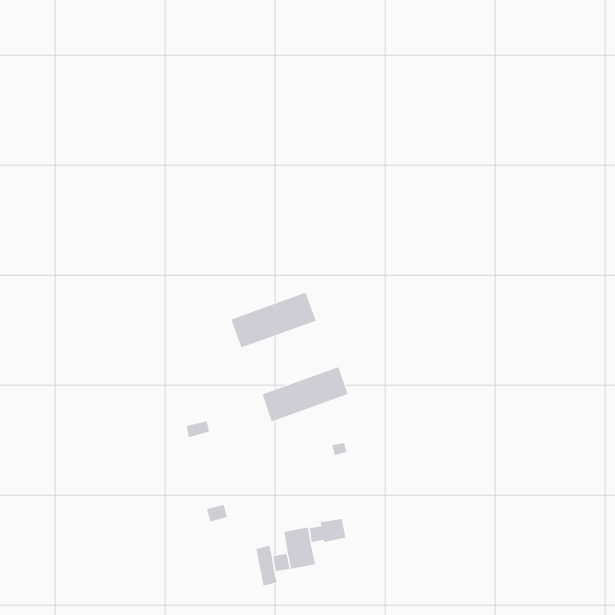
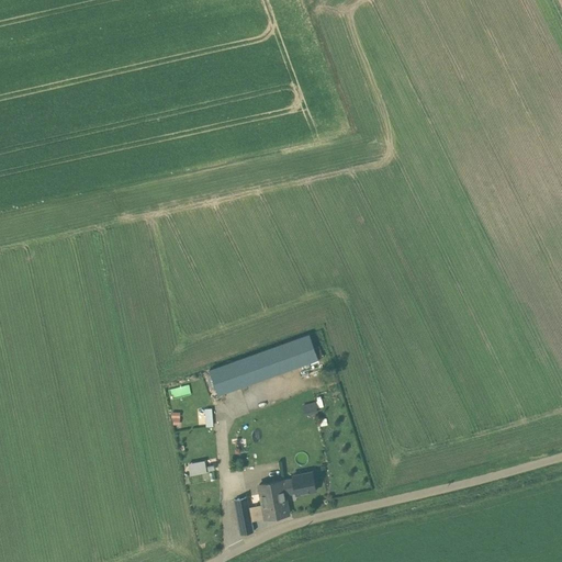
building: [230,292,317,348] -> none
building: none -> [209,360,247,395]

